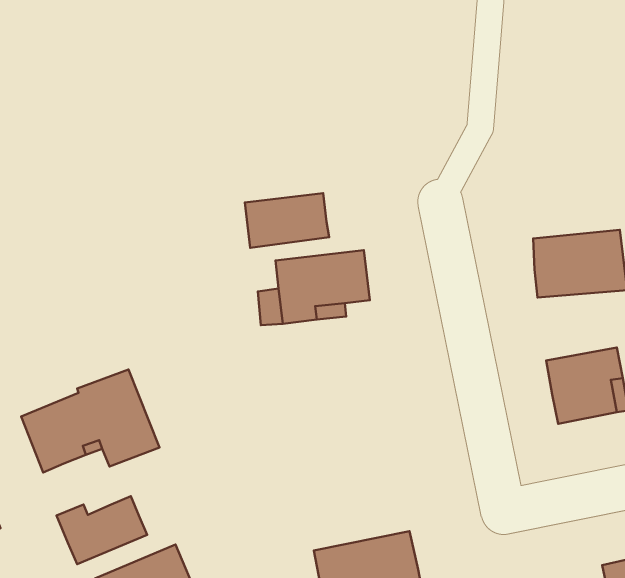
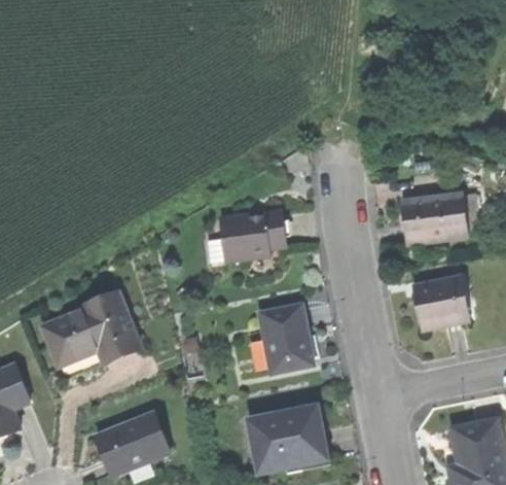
building: [245,193,329,248] -> none
building: none -> [260,304,314,371]
building: [57,496,147,564] -> none

